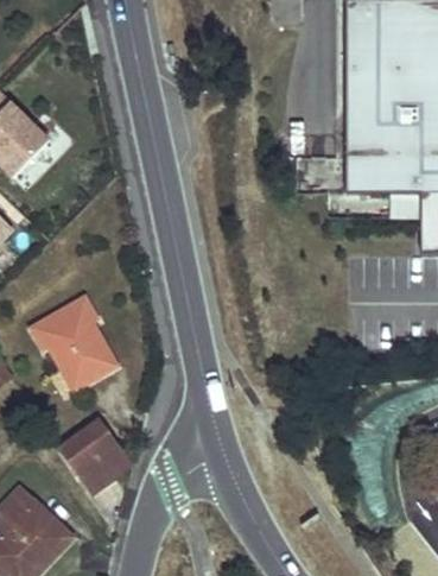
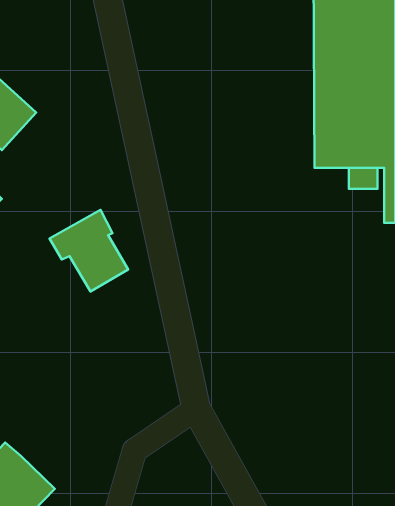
building: [31,300,115,388] -> [50,210,128,292]
building: [59,420,131,493] -> none

